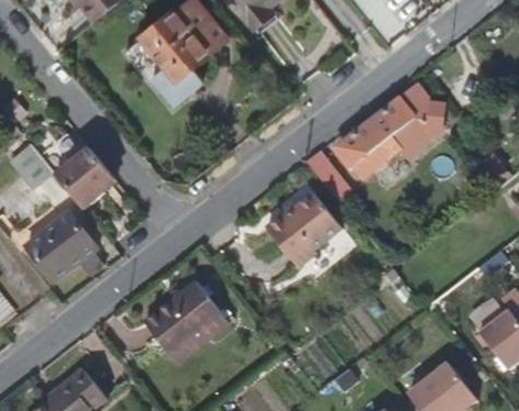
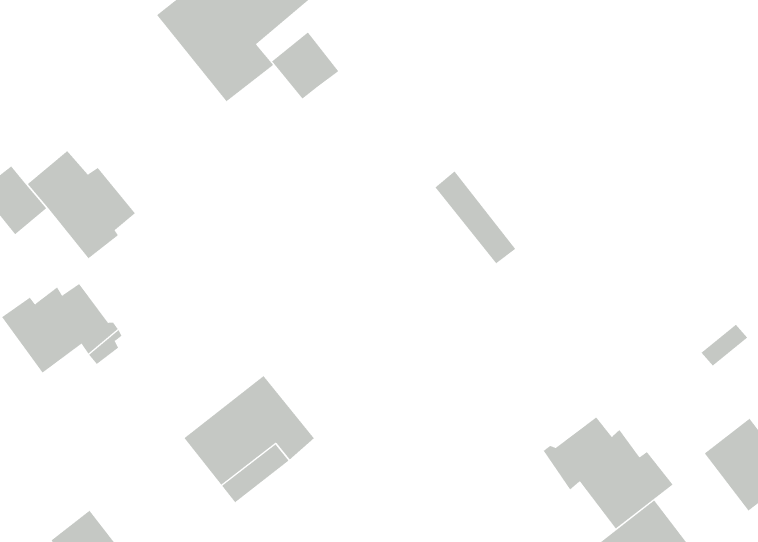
building: none -> [271,32,339,99]
building: [338,86,441,177] -> none
building: [266,191,341,265] -> none
building: none -> [543,416,674,529]

